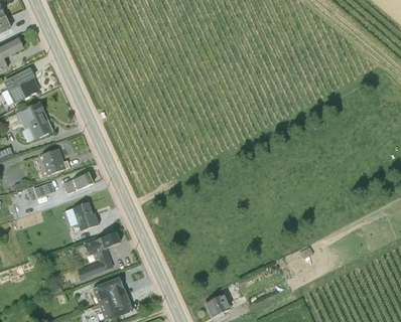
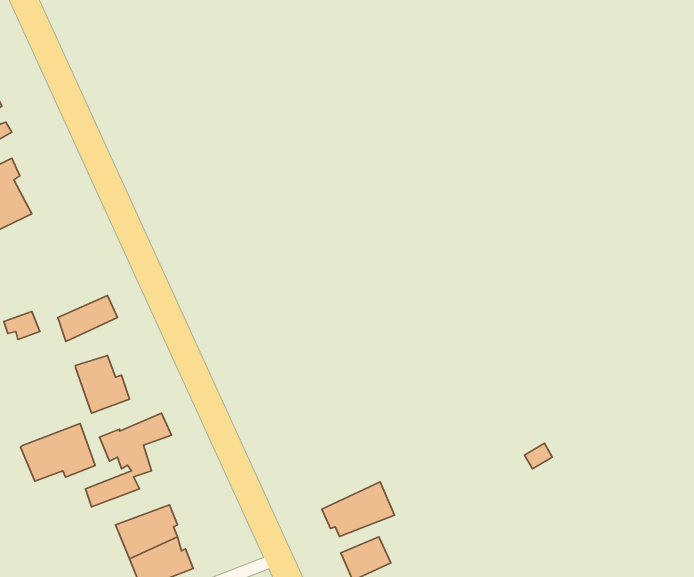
building: [41,148,71,175] -> none
building: none -> [21,424,95,481]
building: none -> [322,482,394,537]

